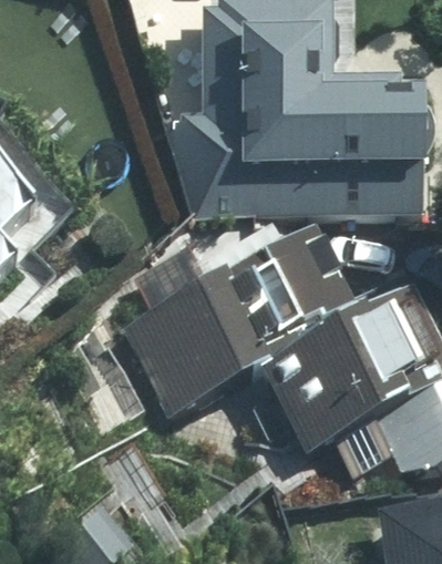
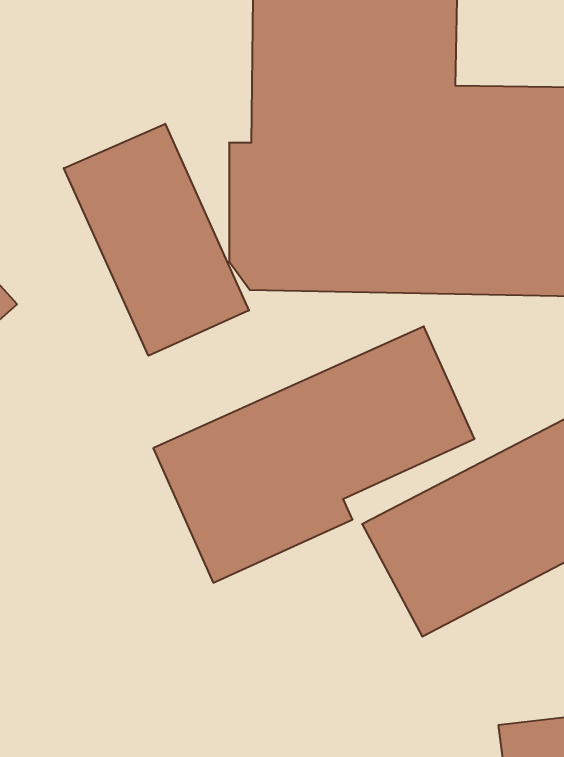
building: none -> [64,124,249,356]

